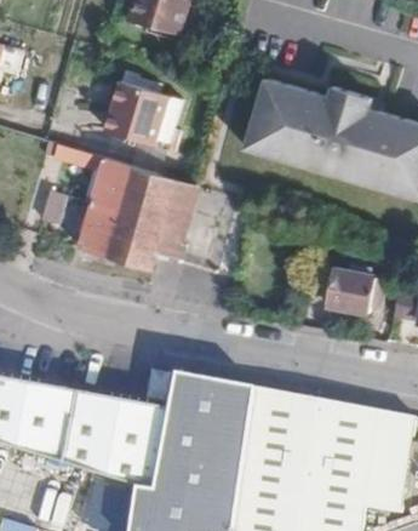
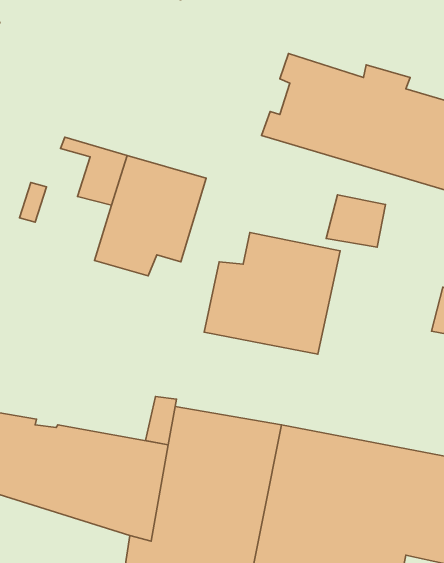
building: [107,80,182,144] -> none
building: [76,200,119,255] -> none
building: none -> [204,233,340,354]
building: [323,266,374,310] -> [326,195,386,247]

